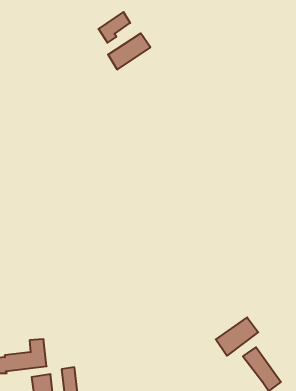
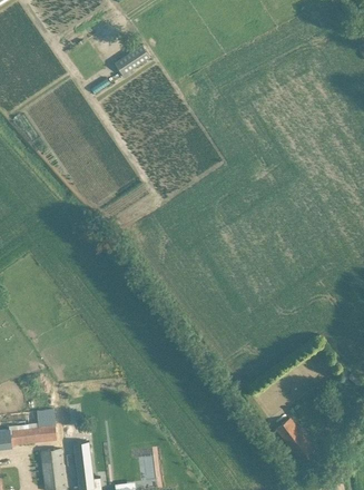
building: [108,33,150,70] -> none
building: [216,317,258,356] -> none

